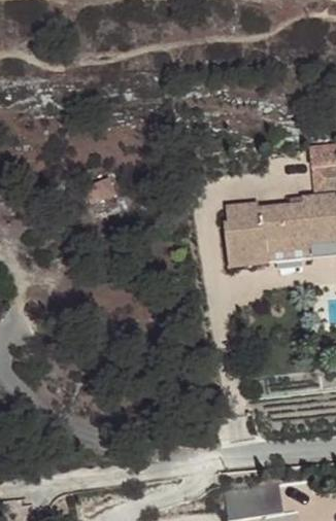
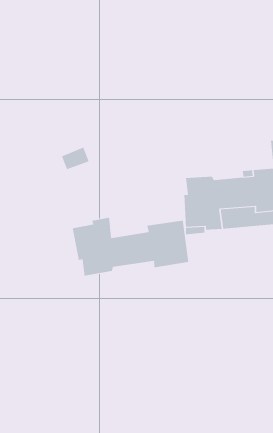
building: none -> [72,217,189,277]

